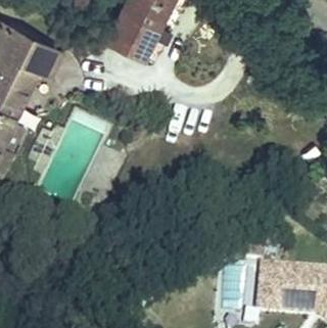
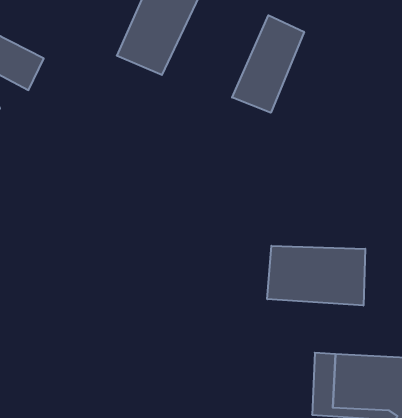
building: none -> [232,15,304,113]
building: none -> [267,246,365,306]

